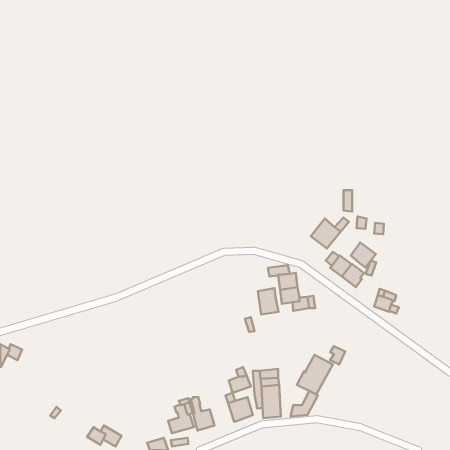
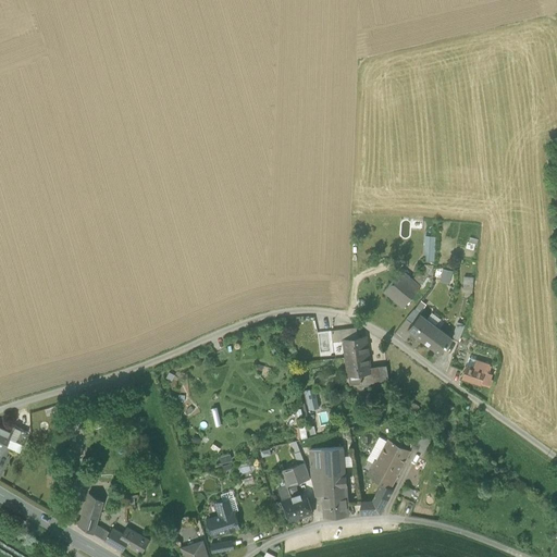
building: [351,243,376,268] -> none
building: [258,288,278,315] -> none
building: [191,397,214,431] -> none
building: none -> [79,493,108,530]

